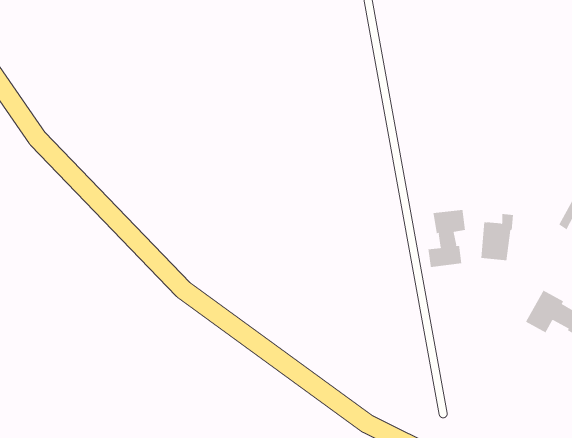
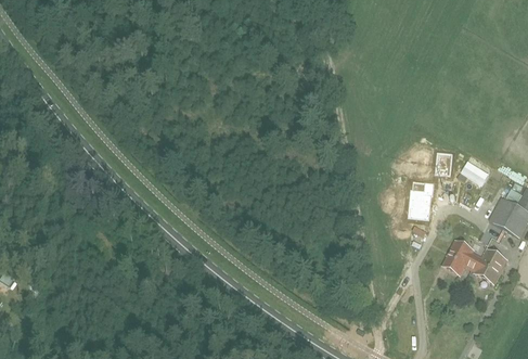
building: [428,209,465,268] -> none

